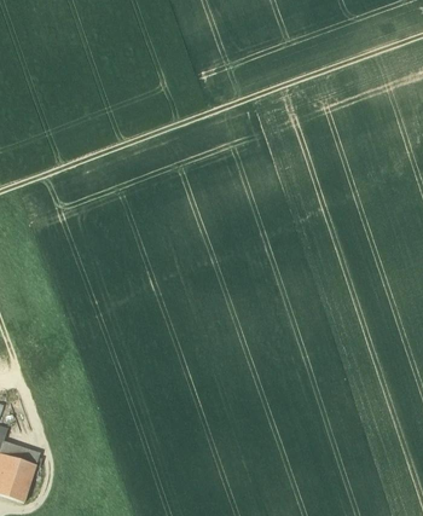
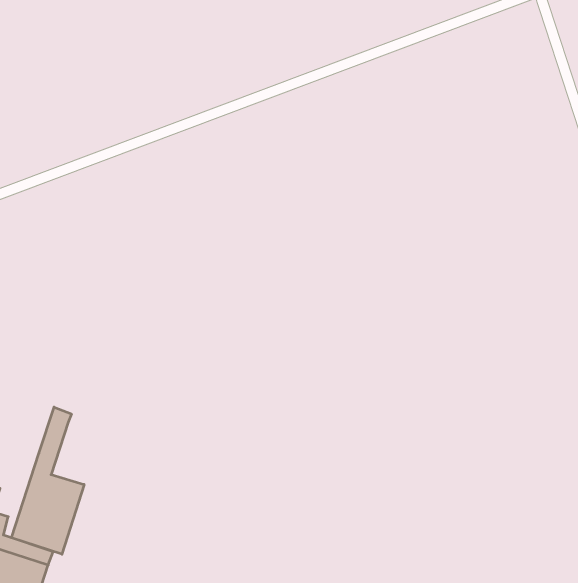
building: none -> [11,407,84,554]

